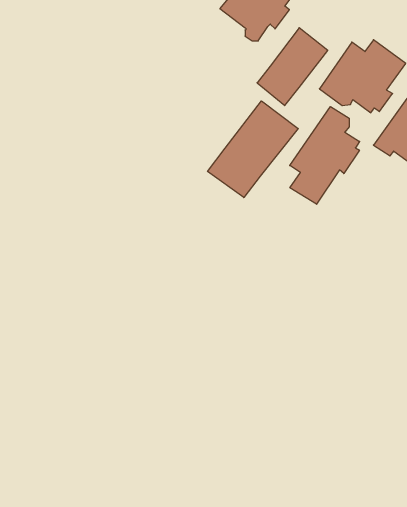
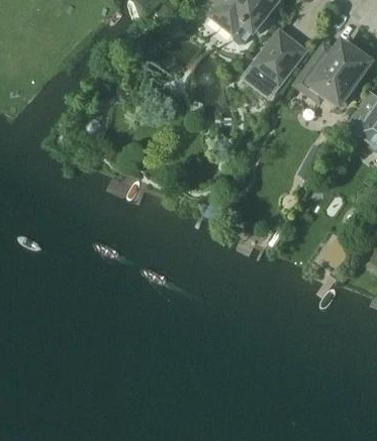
building: [208,101,298,198] -> none
building: [290,107,360,204] -> none

